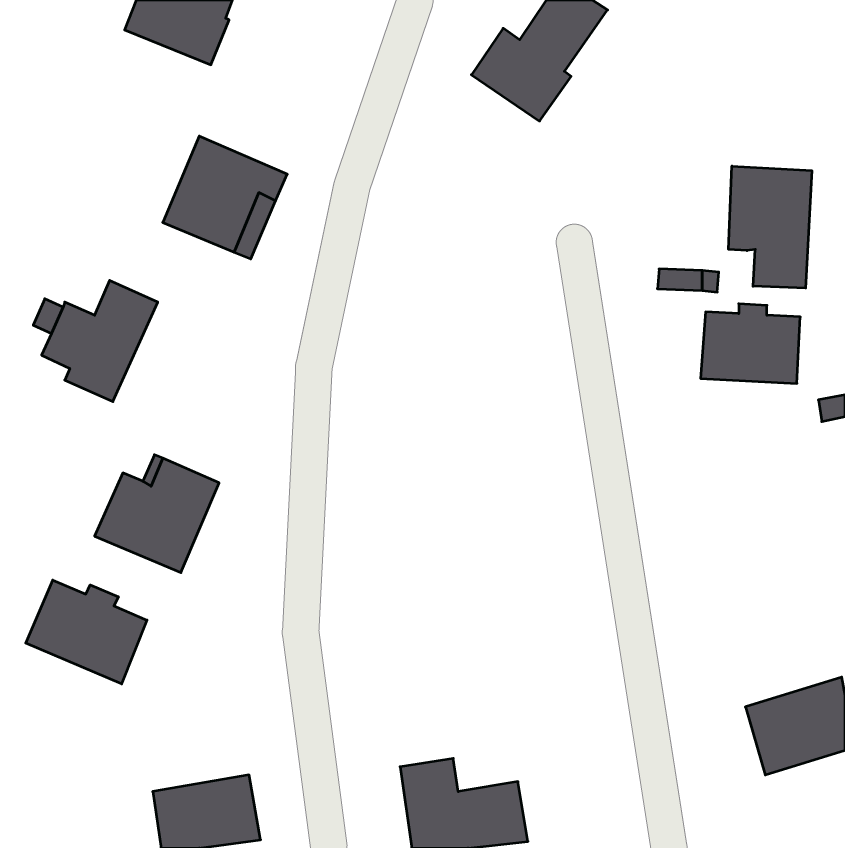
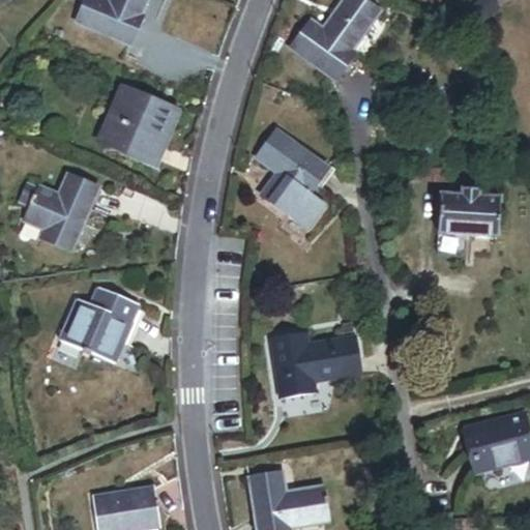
building: [729,166,812,288] -> none
building: none -> [258,130,325,227]
building: none -> [268,333,358,396]
building: [26,580,147,684] -> none

